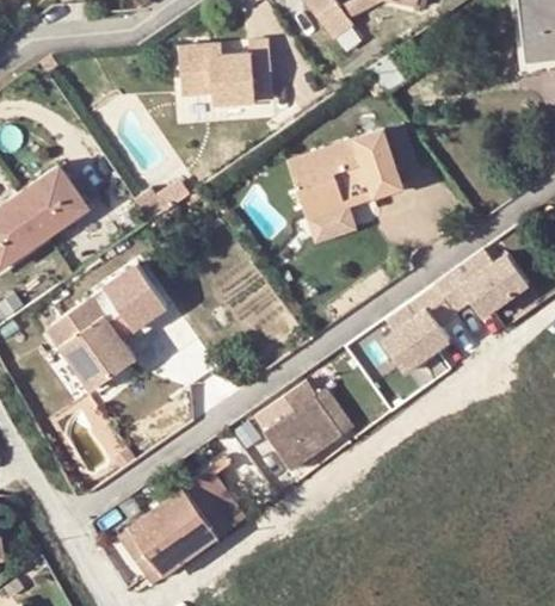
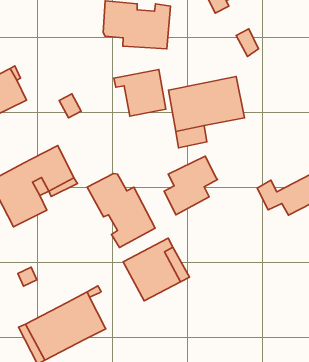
building: none -> [114,69,166,116]
building: [382,284,456,373] -> [164,156,218,215]
building: none -> [87,174,155,248]

